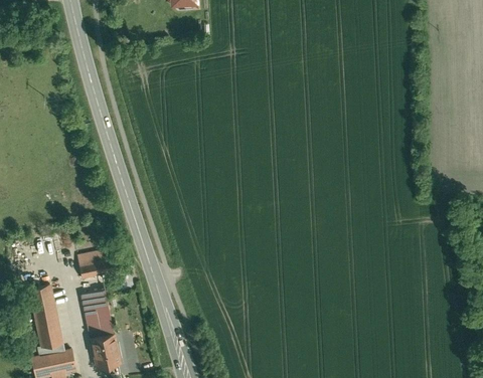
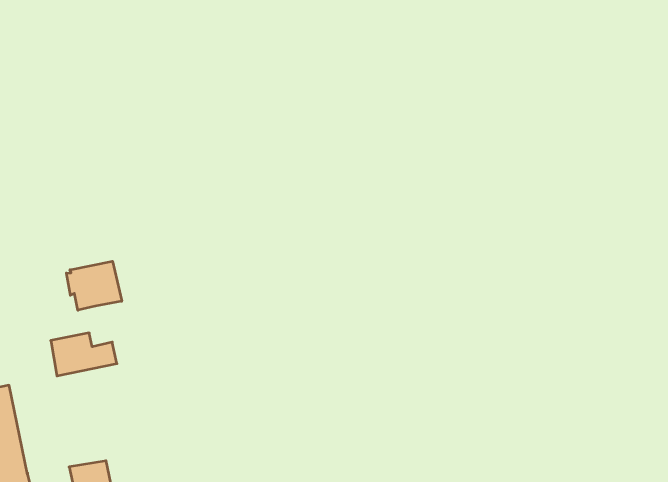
building: none -> [66,261,122,310]
building: [83,289,114,337] -> none

